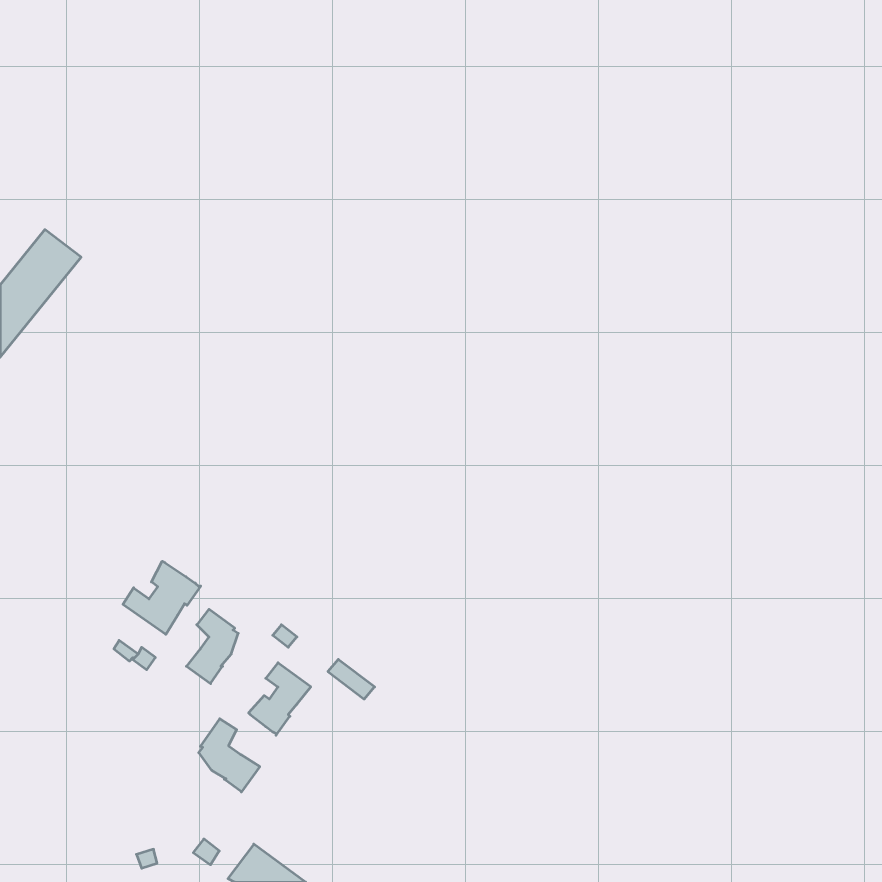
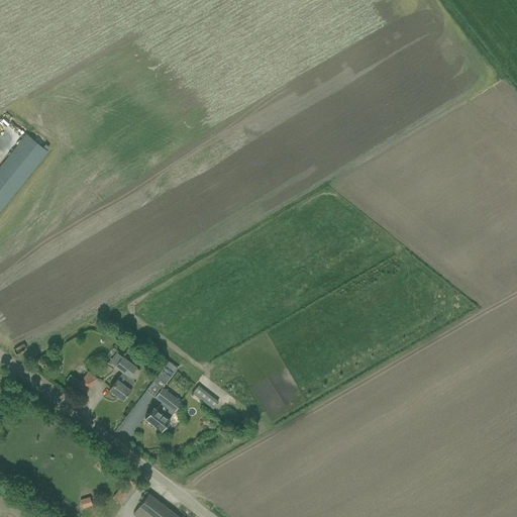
building: [123,561,201,634] -> none
building: [199,719,260,792] -> none

